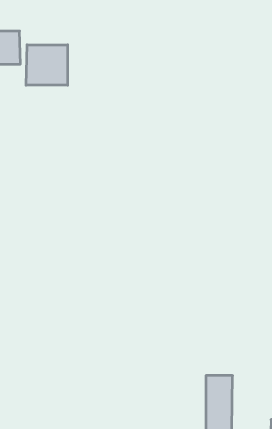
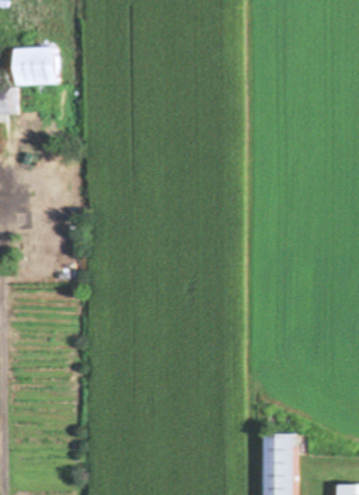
building: [26,45,68,85] -> none

